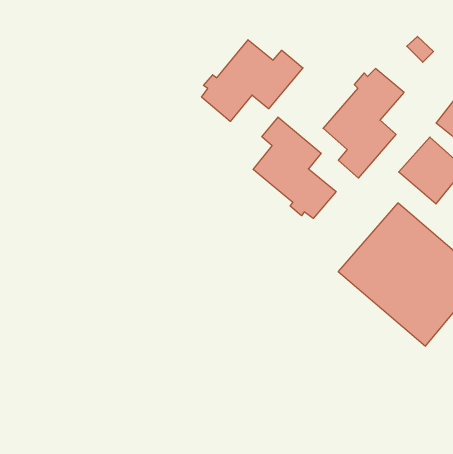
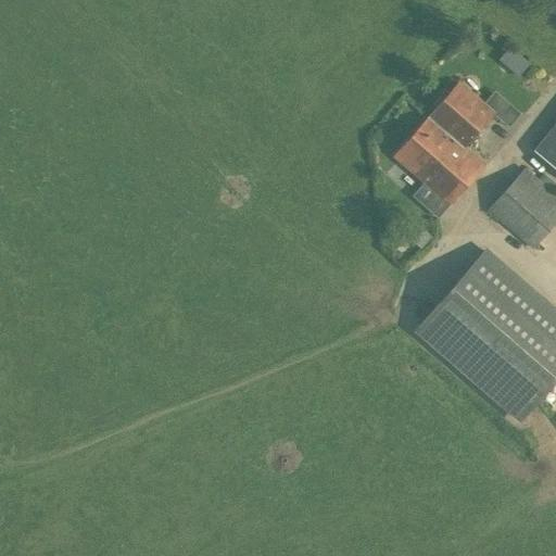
building: [202,40,303,121] -> none
building: [253,117,336,218] -> none

